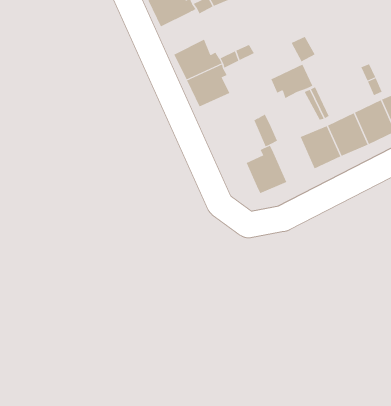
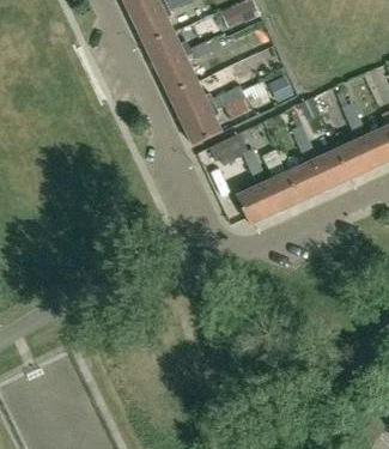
building: none -> [157,55,197,95]
building: [270,64,313,99] -> [208,133,248,165]
building: none -> [261,171,299,213]

